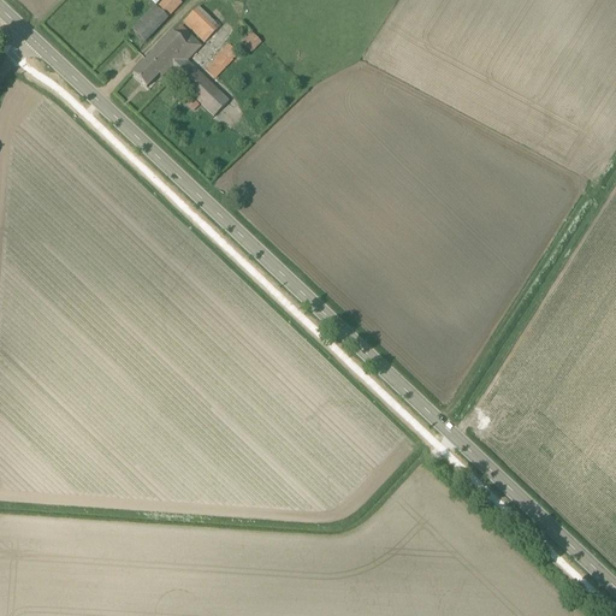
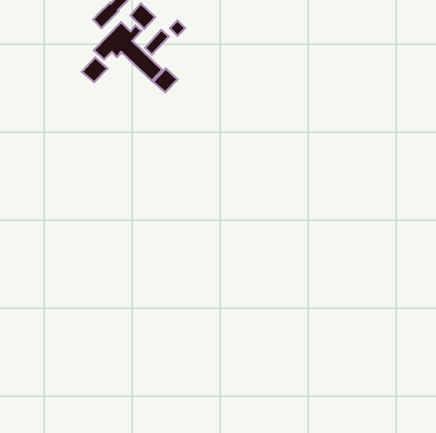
building: none -> [82,57,107,82]
building: none -> [153,69,178,92]

